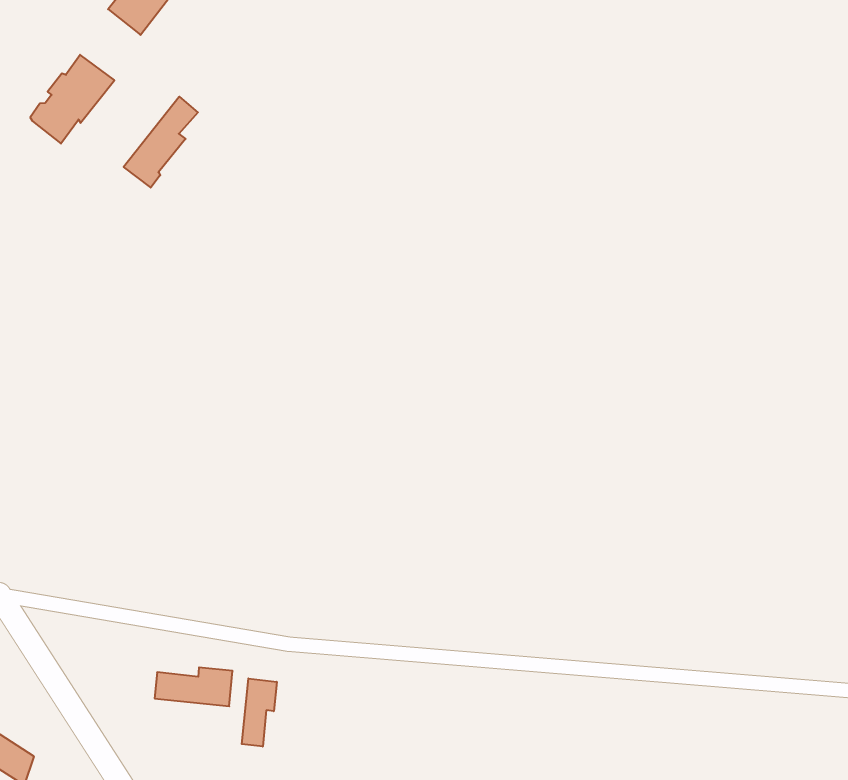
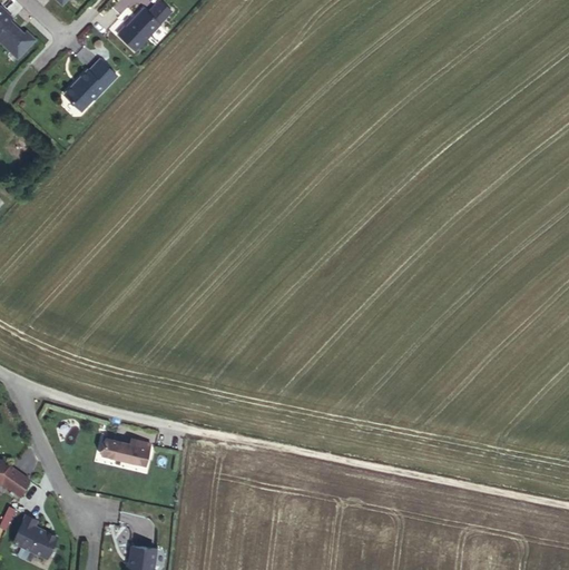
building: [124,97,198,188] -> none
building: [242,678,277,747] -> none

